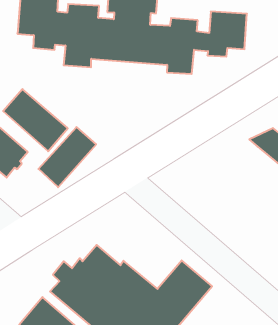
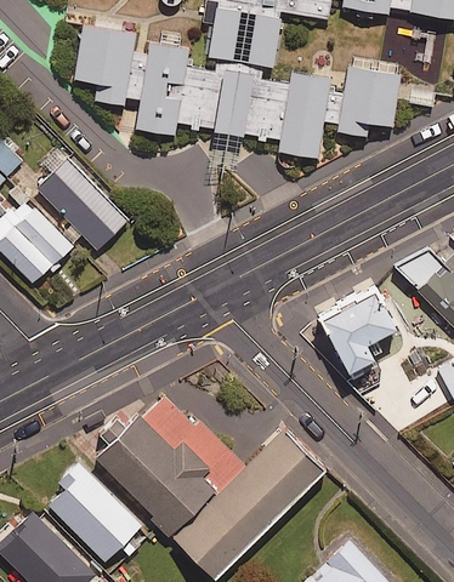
building: [38,127,96,187] -> none
building: none -> [312,276,393,366]

